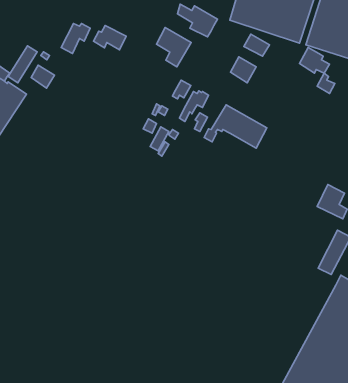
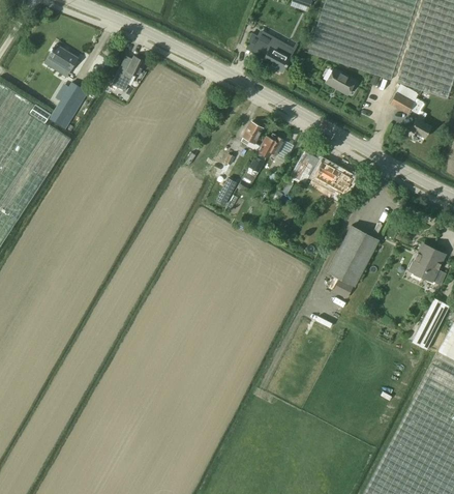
building: none -> [49,45,79,71]
building: [93,25,126,50] -> none
building: [157,28,191,67] -> none
building: [231,57,256,83] -> none
building: [31,65,54,88] -> none
building: none -> [328,226,380,298]

